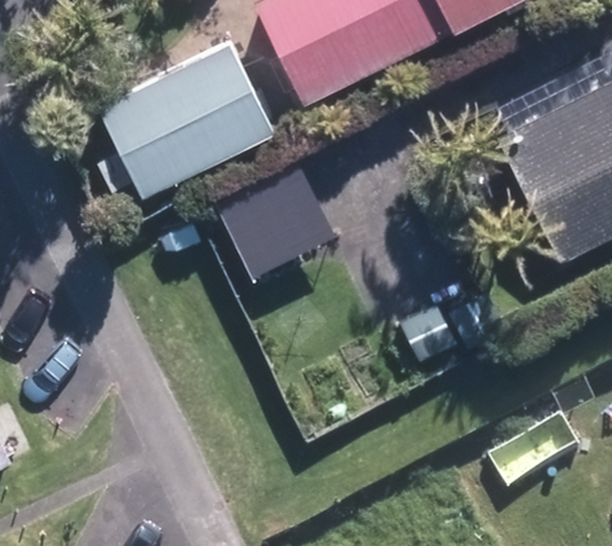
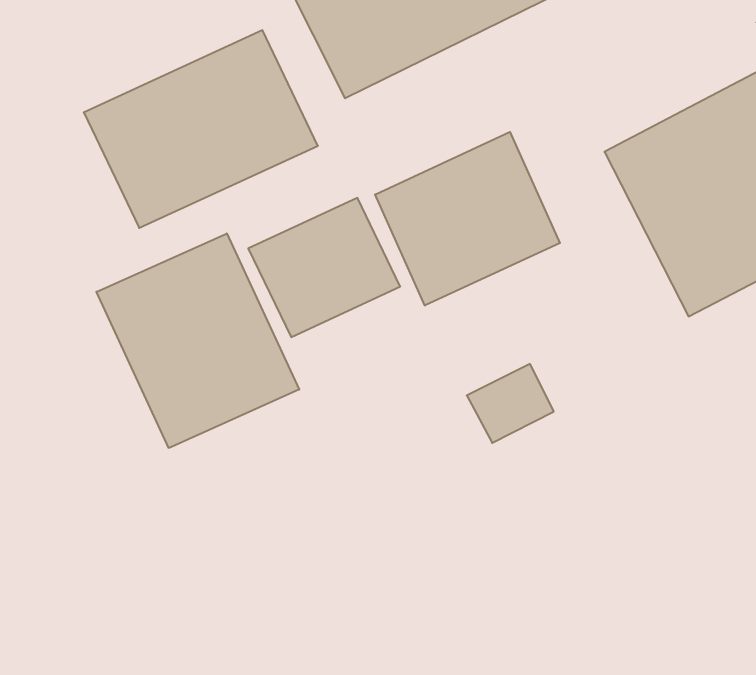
building: none -> [375,132,560,306]
building: none -> [96,233,299,448]

